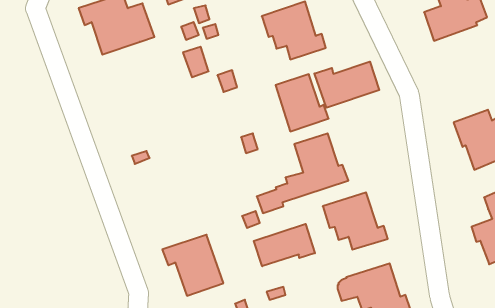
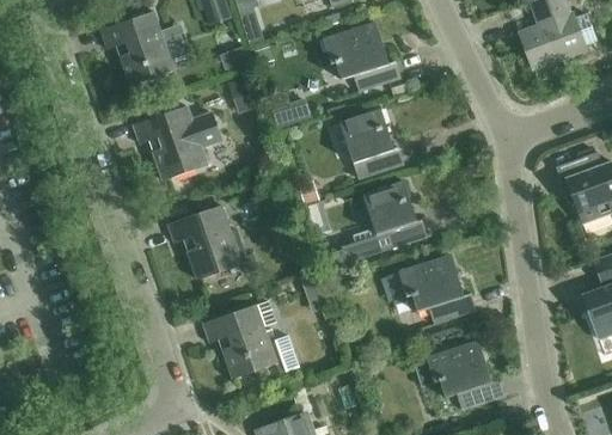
building: [314,62,379,108] -> none
building: none -> [134,106,222,180]
building: none -> [167,206,258,280]
building: [254,224,315,266] -> none

